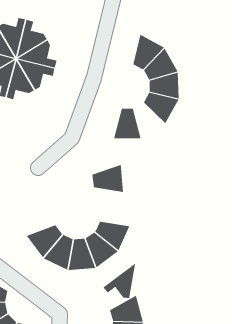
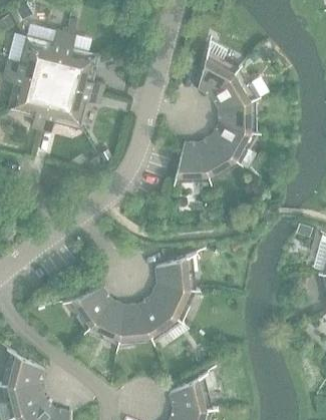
building: none -> [198,134,238,179]
building: [92,164,124,192] -> [153,253,194,288]
building: [103,262,136,299] -> none

